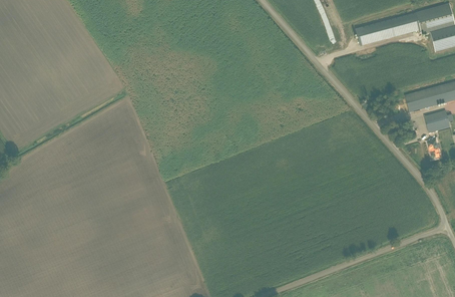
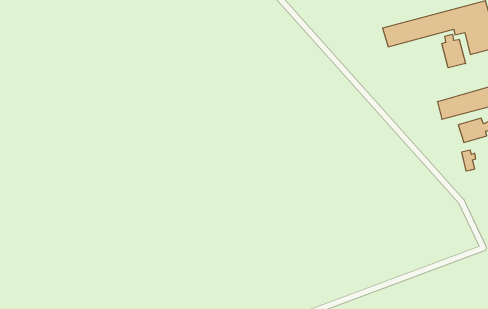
building: none -> [442,34,466,68]

